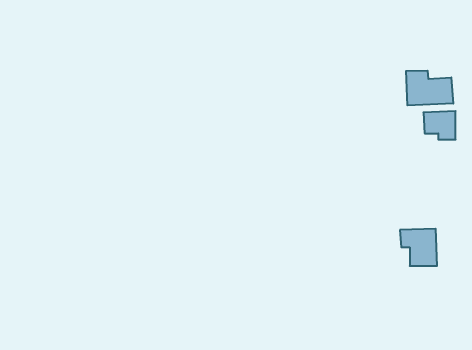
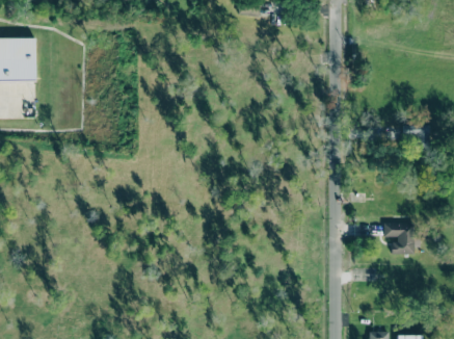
building: [406,71,453,105] -> none

